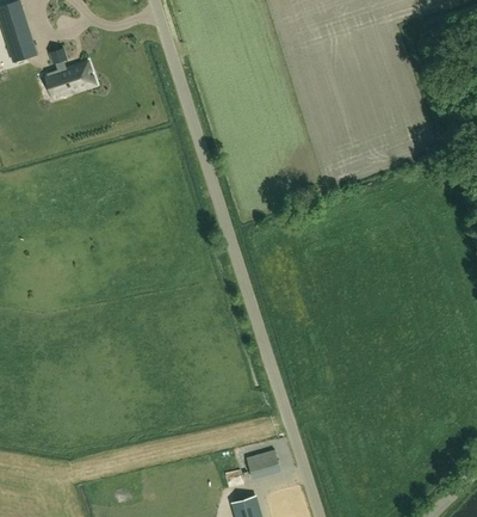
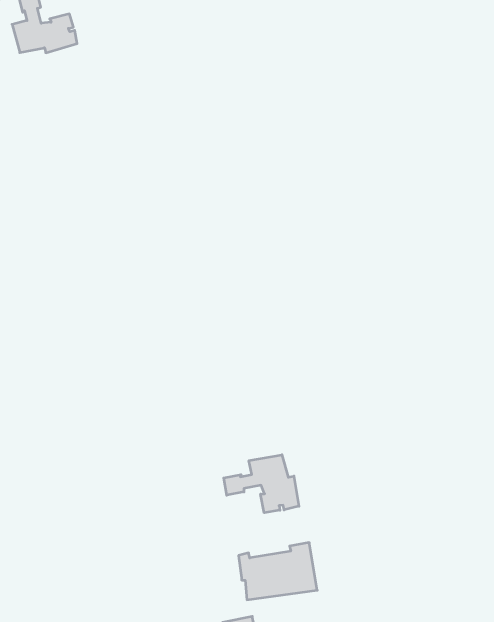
building: none -> [224,455,299,513]

